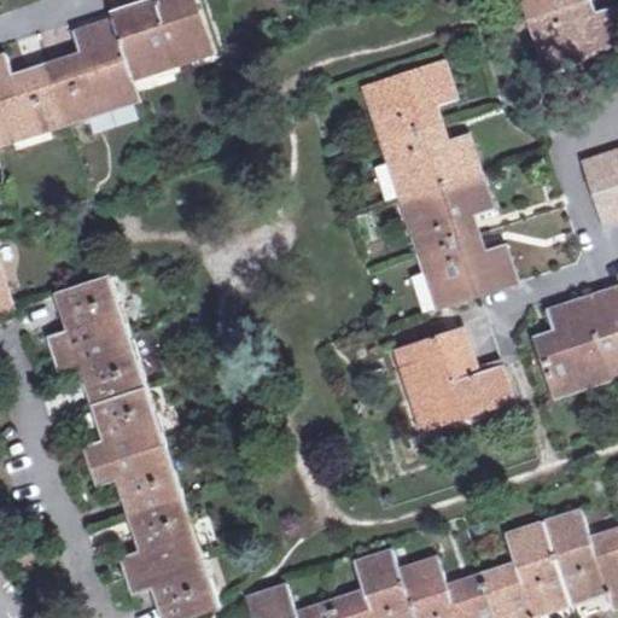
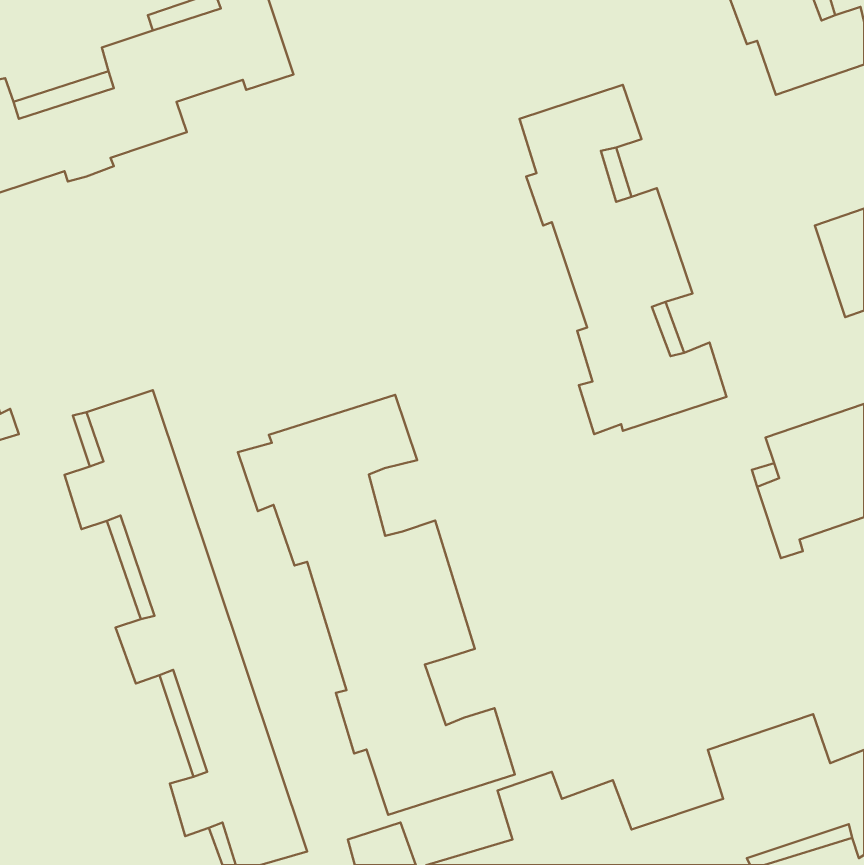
building: none -> [238,395,515,815]
building: [403,330,512,430] -> none

